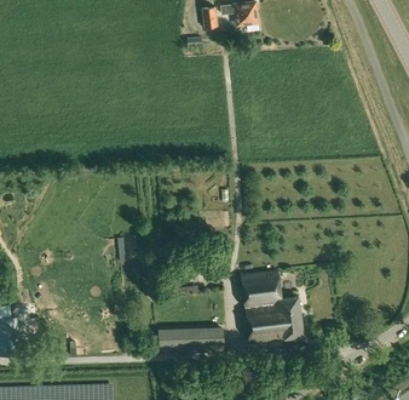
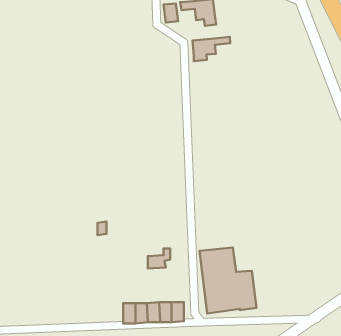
building: none -> [192,37,230,61]

